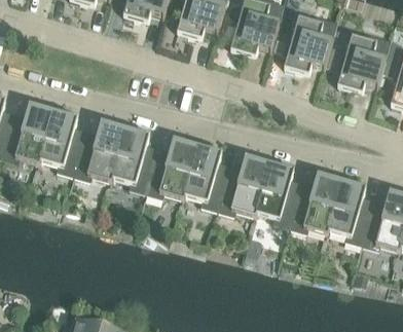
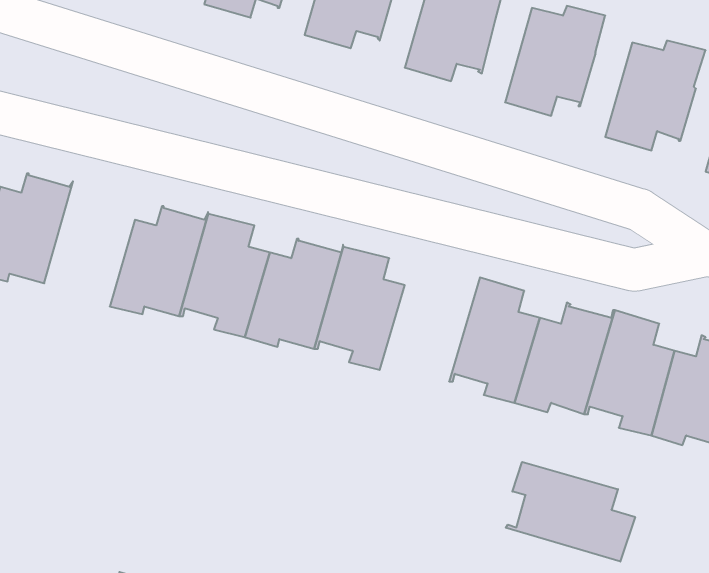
building: [37,109,85,176] -> none
building: [216,156,269,216] -> none
building: none -> [506,462,635,562]

